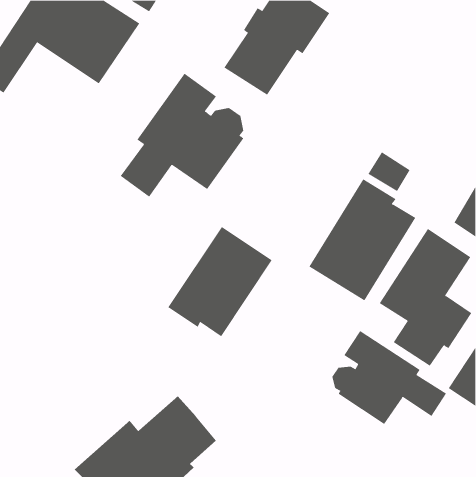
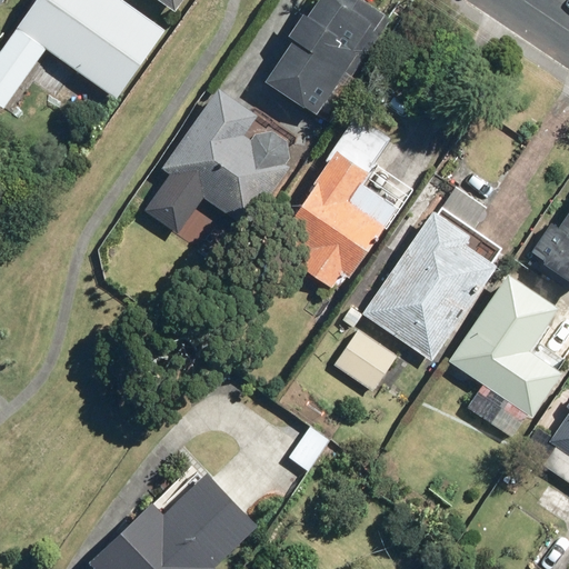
building: none -> [283,116,398,290]
building: [168,226,272,337] -> none
building: none -> [332,323,400,392]
building: [332,330,447,425] -> none

